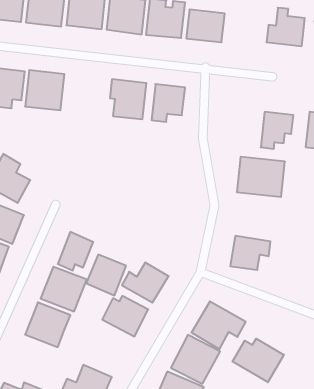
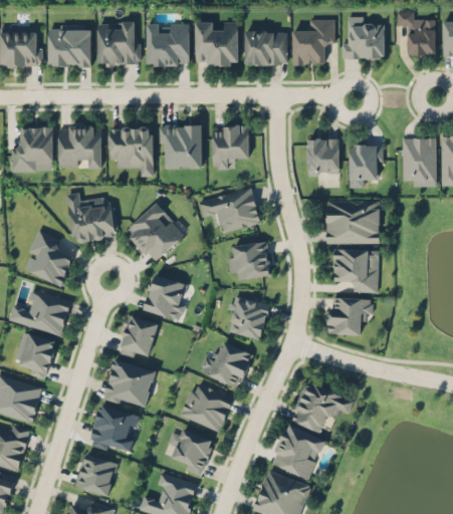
building: none -> [292,19,334,64]
building: none -> [110,125,155,177]
building: none -> [306,138,339,176]
building: none -> [67,193,119,243]
building: none -> [199,188,261,233]
building: none -> [125,202,186,264]
building: none -> [229,242,270,278]
building: none -> [334,249,379,293]
building: none -> [227,296,270,340]
building: [86,255,126,295] -> [144,274,190,321]
building: none -> [170,429,215,475]
building: [233,339,284,382] -> none
building: none -> [75,453,119,496]

